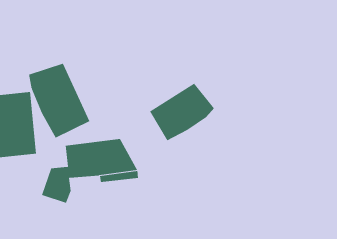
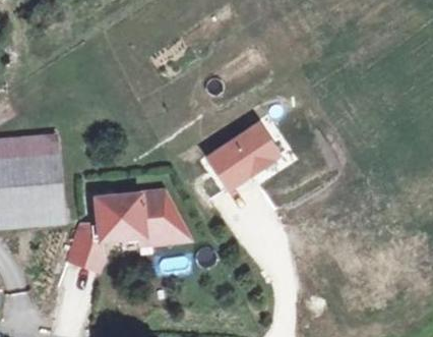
building: [29,63,90,138] -> none

